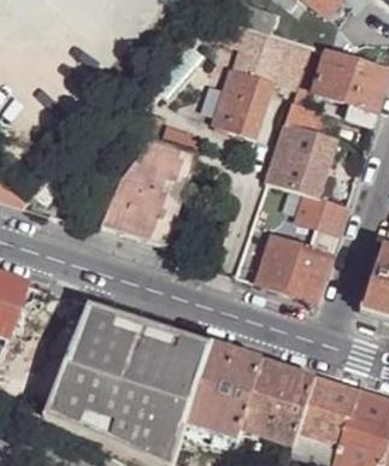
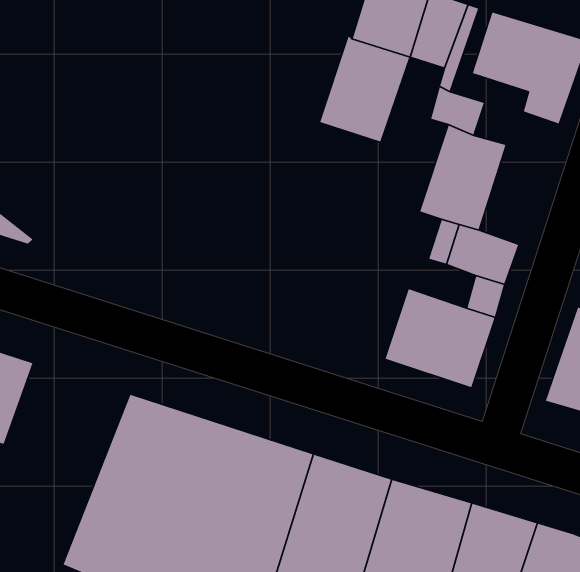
building: [101,137,195,243] -> none

